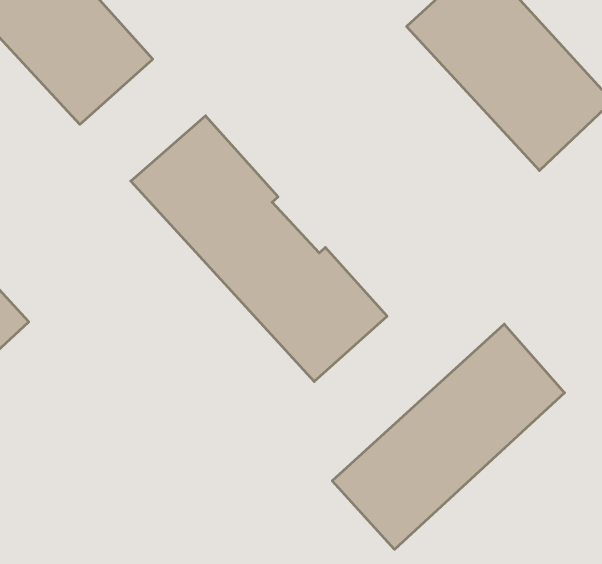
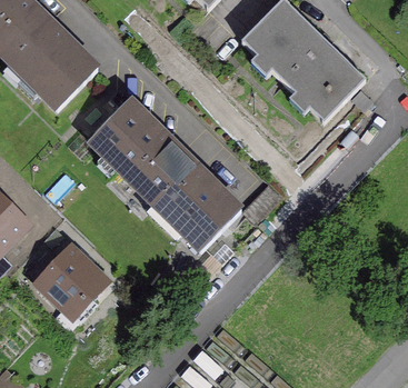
building: [332,324,565,549] -> none
building: none -> [32,241,112,321]

